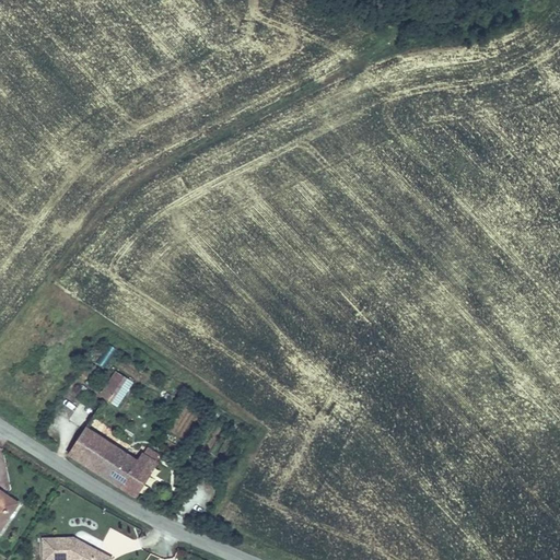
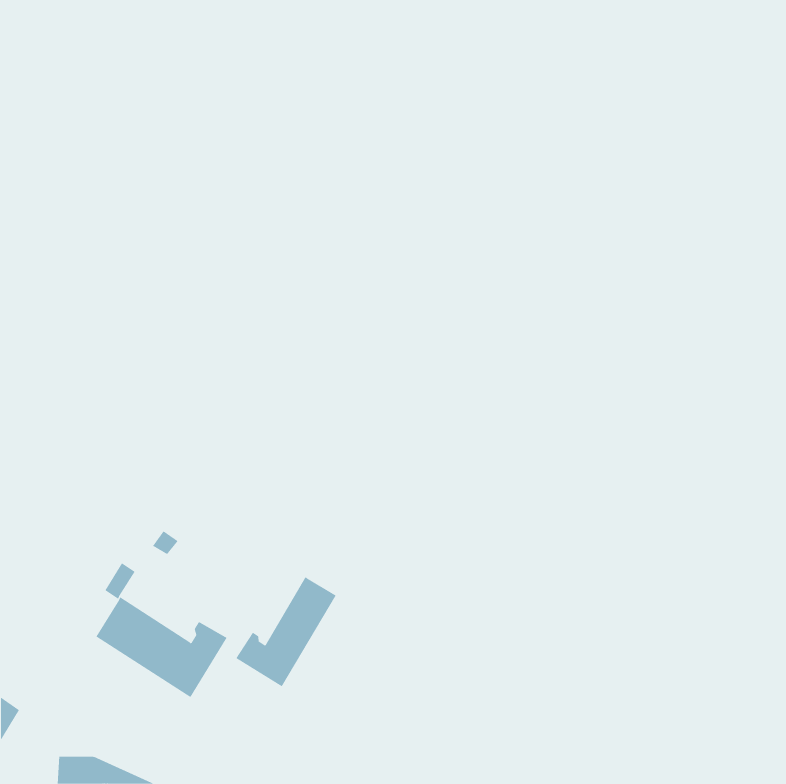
building: none -> [236,576,336,687]

